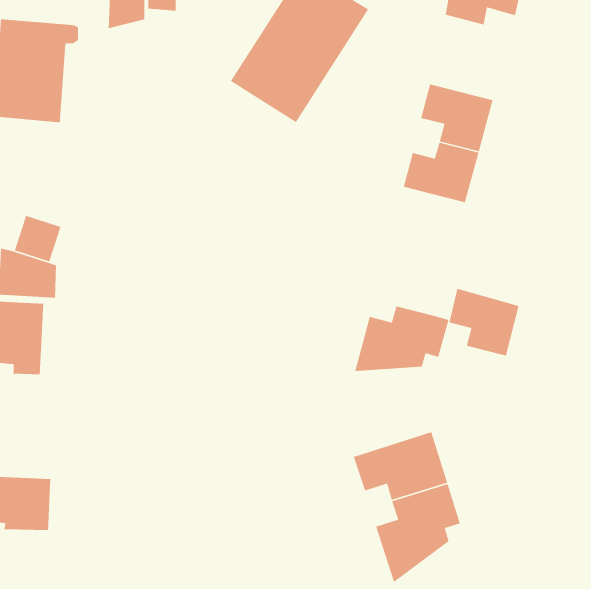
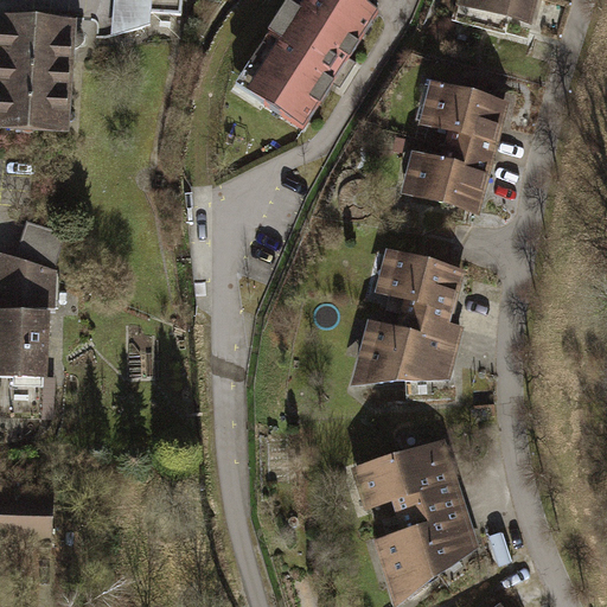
building: [449,288,519,357] -> [386,253,459,322]

